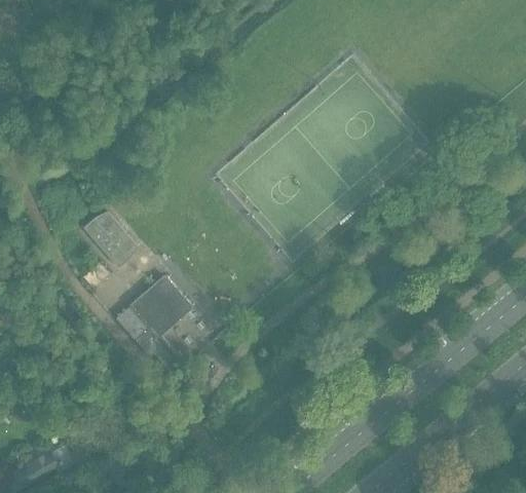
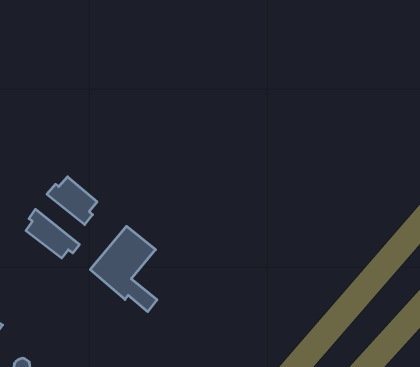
building: none -> [26,209,79,258]

